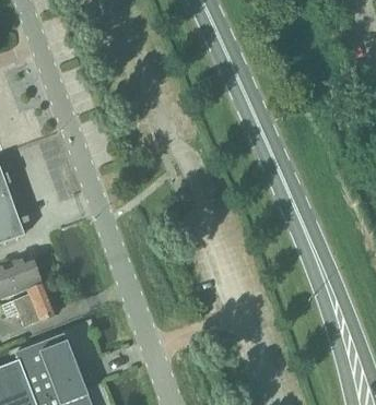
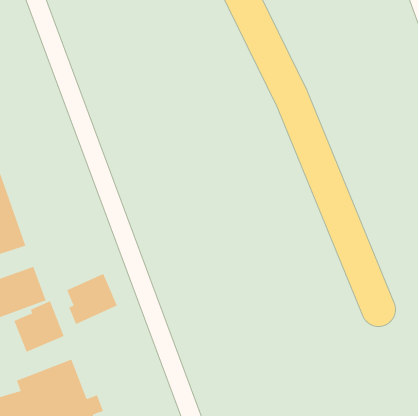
building: none -> [66,273,117,325]

